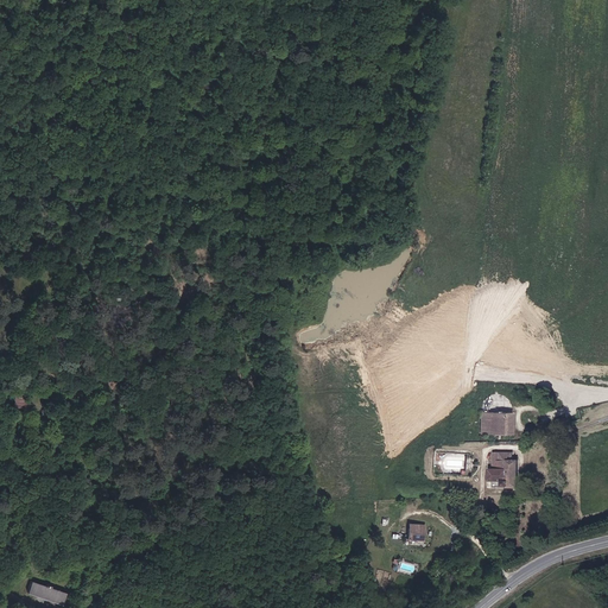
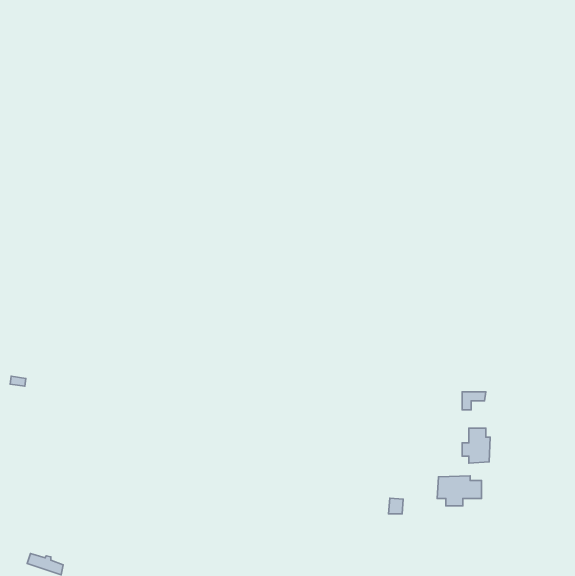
building: none -> [437,476,482,506]

